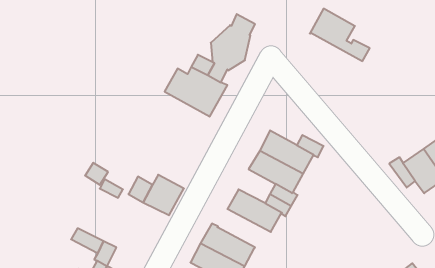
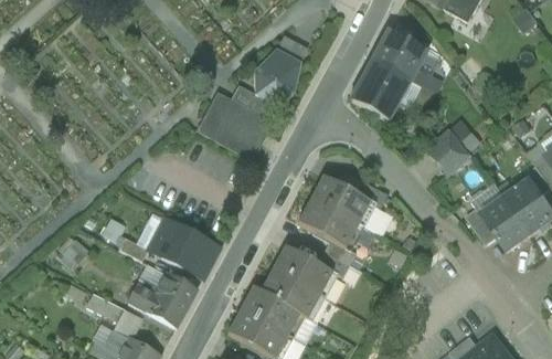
building: none -> [349,57,433,118]
building: none -> [425,128,470,170]
building: none -> [259,268,323,319]
building: none -> [127,272,195,326]

